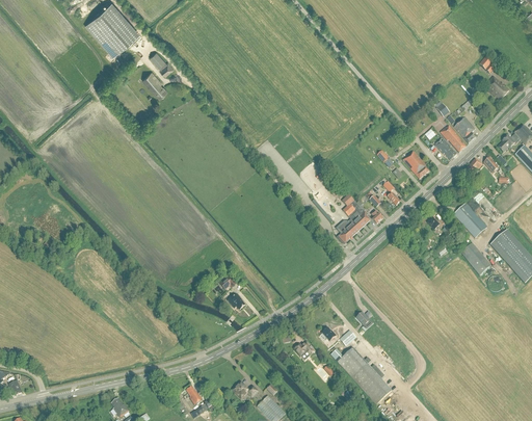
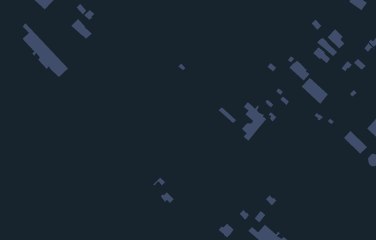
building: none -> [22,23,69,78]
building: [453,203,486,238] -> [301,77,329,105]

